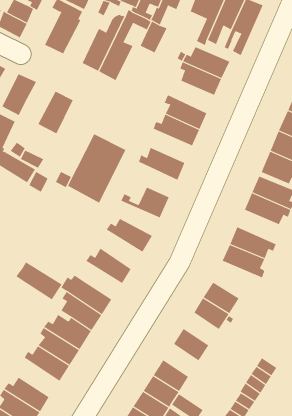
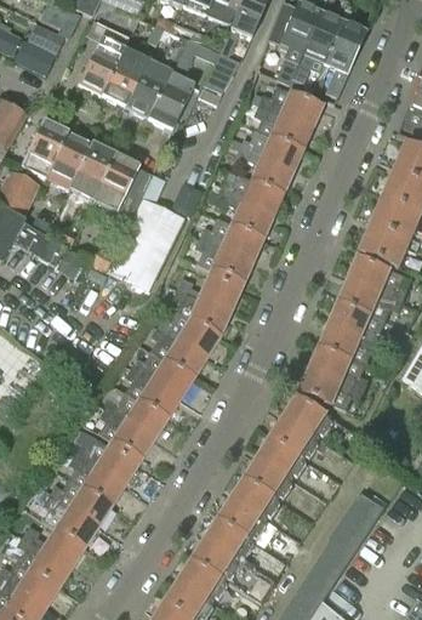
building: none -> [102,50,148,107]
building: none -> [239,130,301,172]
building: none -> [44,131,91,187]
building: none -> [93,155,153,218]
building: none -> [215,193,272,238]
building: none -> [195,237,252,283]
building: none -> [173,288,229,334]
building: none -> [330,300,387,345]
building: none -> [150,325,206,377]
building: none -> [301,366,364,410]
building: [15,261,62,300] -> [118,366,179,417]
building: none -> [260,434,307,478]
building: none -> [233,476,280,519]
building: none -> [42,494,97,546]

